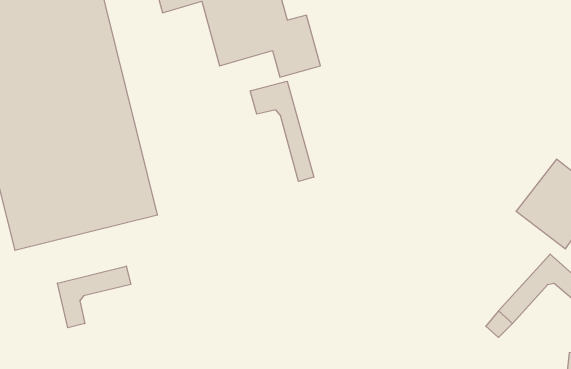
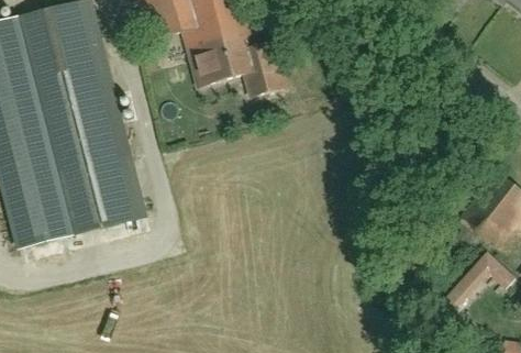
building: [250,81,314,181] -> none
building: [57,266,131,328] -> none

